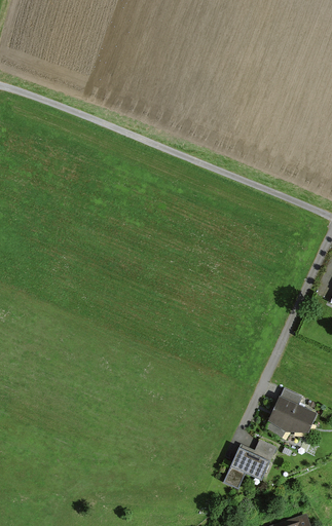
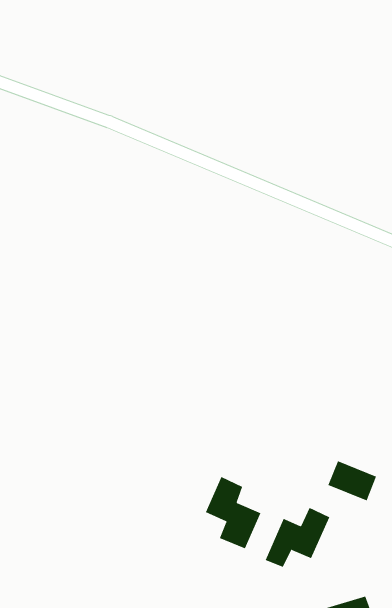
building: none -> [205,476,261,549]

